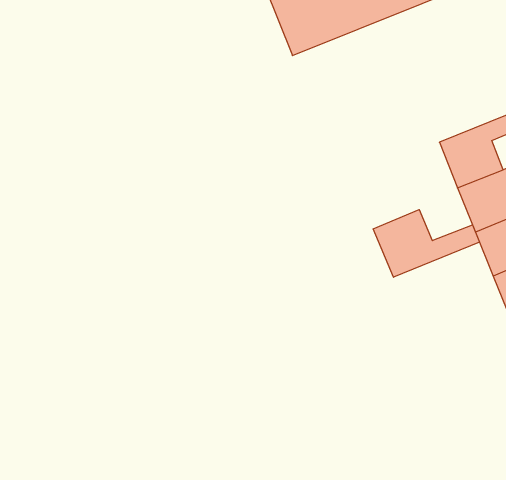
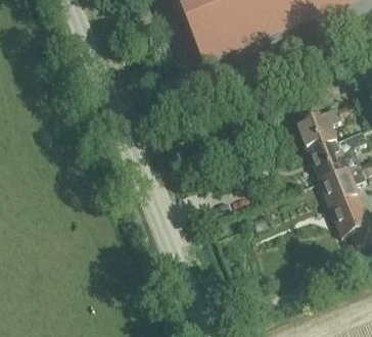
building: [373,210,479,277] -> none

